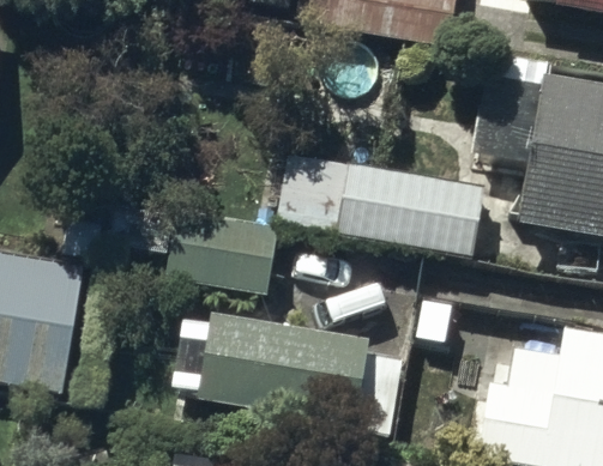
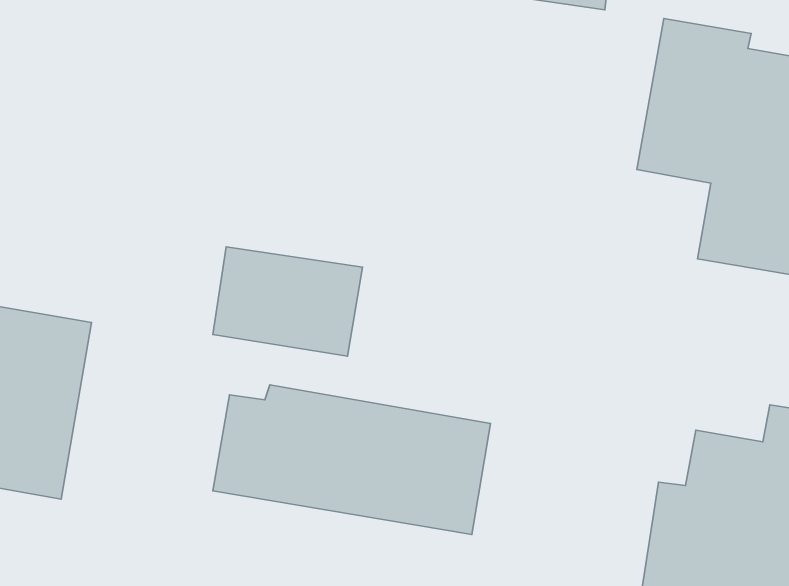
building: [276,152,509,264] -> none

